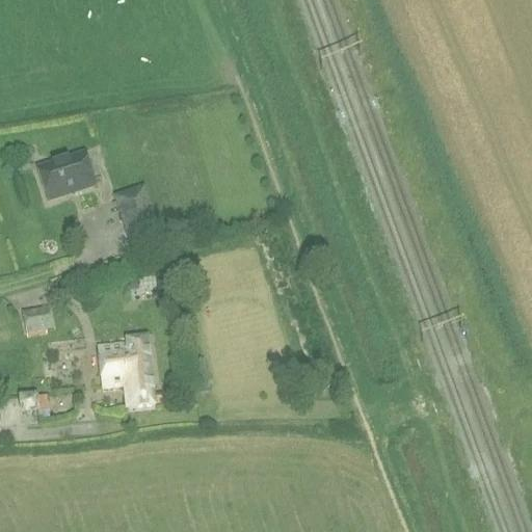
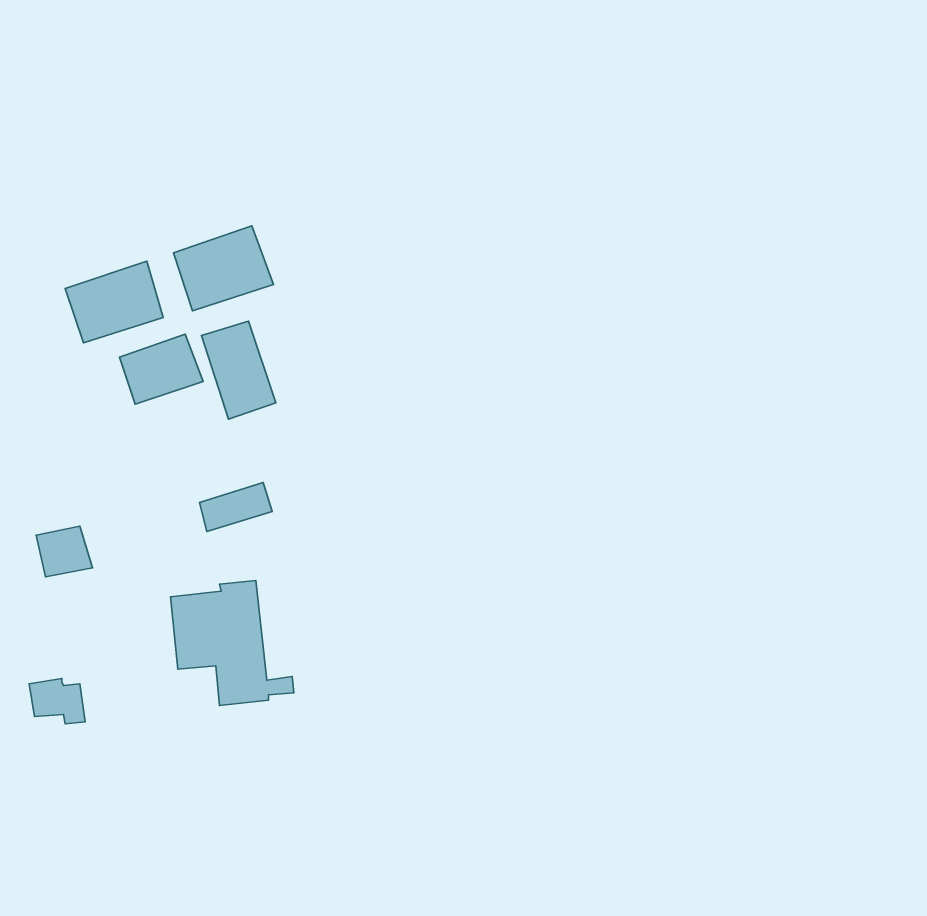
building: none -> [174,226,273,311]
building: none -> [119,334,203,404]

